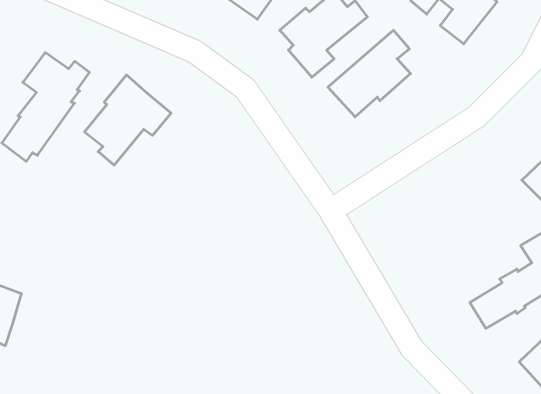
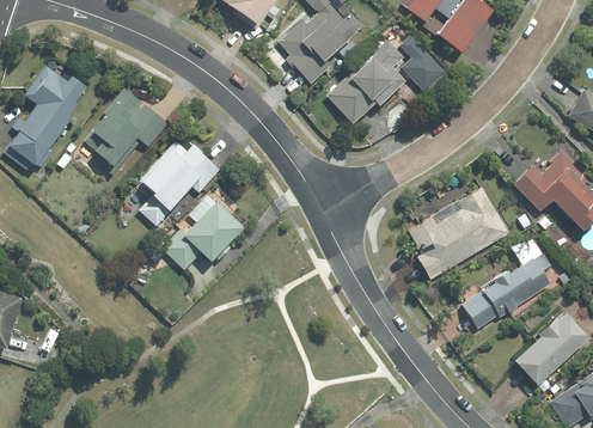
building: none -> [402,35,445,86]
building: none -> [141,136,226,222]
building: none -> [409,188,509,280]
building: none -> [167,195,251,267]

